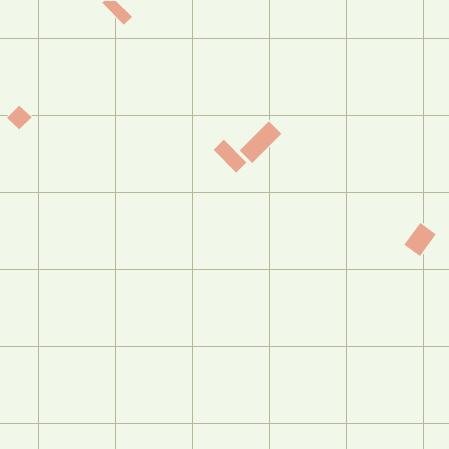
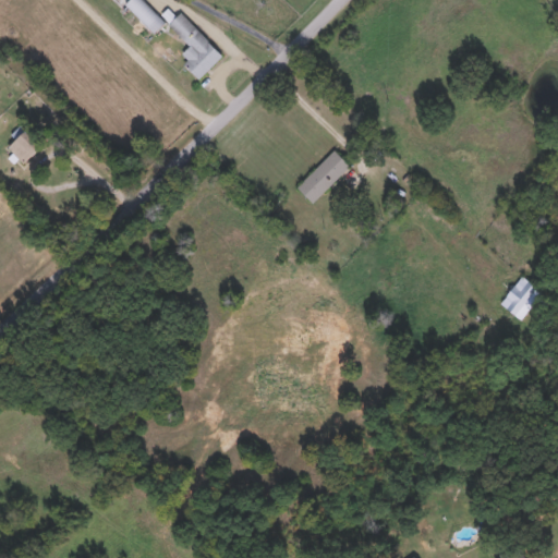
building: none -> [169,12,222,77]
building: [213,139,247,173] -> none

